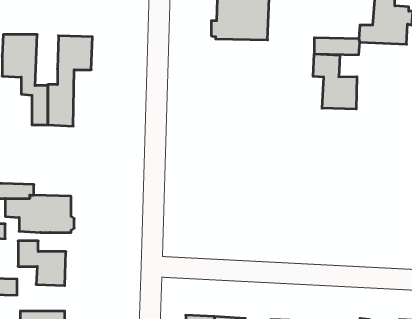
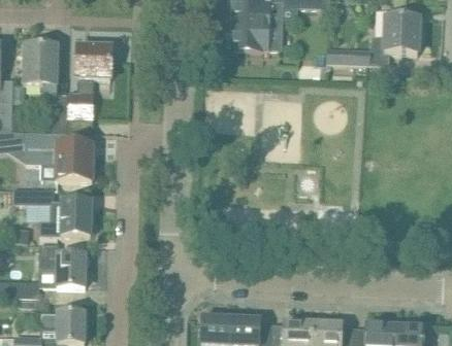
building: [313,54,357,109] -> none
building: none -> [27,132,93,180]

